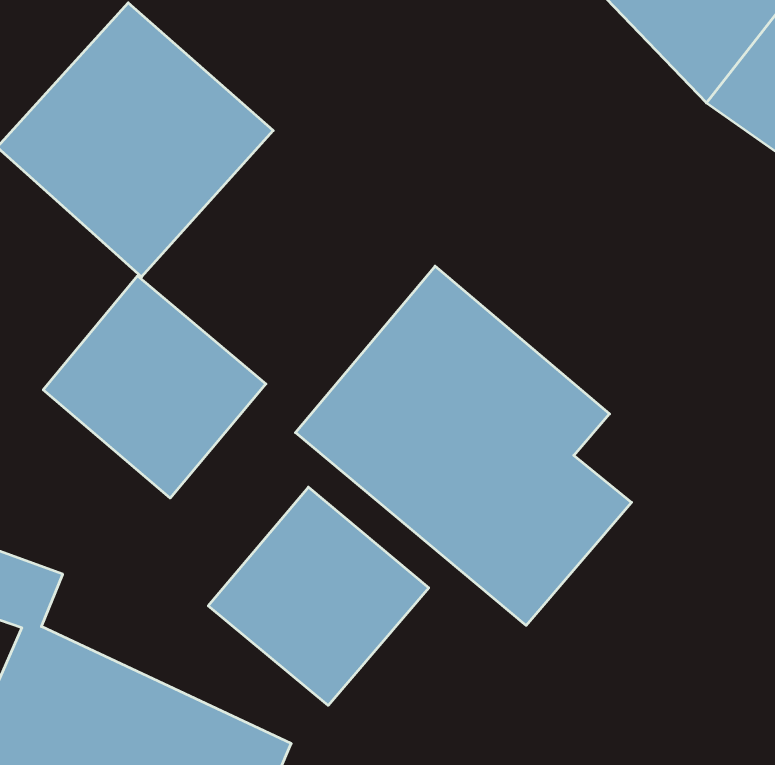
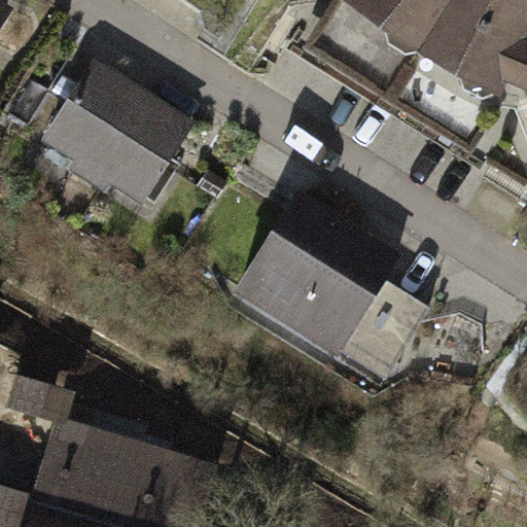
building: [43,276,266,498] -> none
building: [208,487,429,705] -> none

